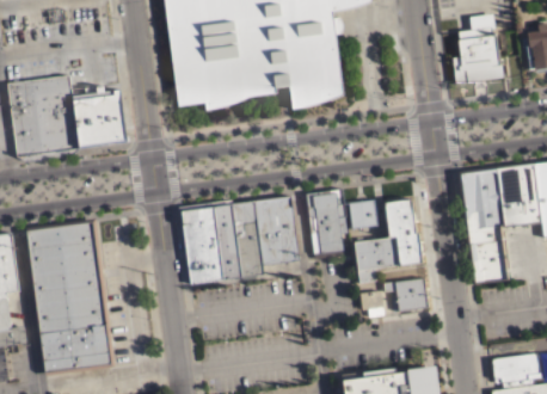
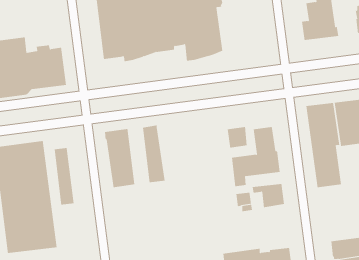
building: [306,185,348,256] -> none
building: [253,195,300,265] -> none
building: [213,199,241,279] -> [54,148,74,205]

